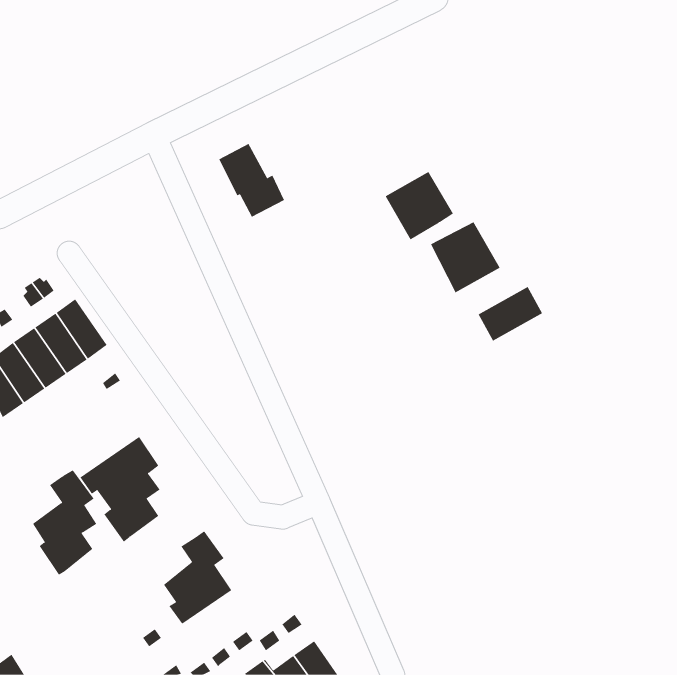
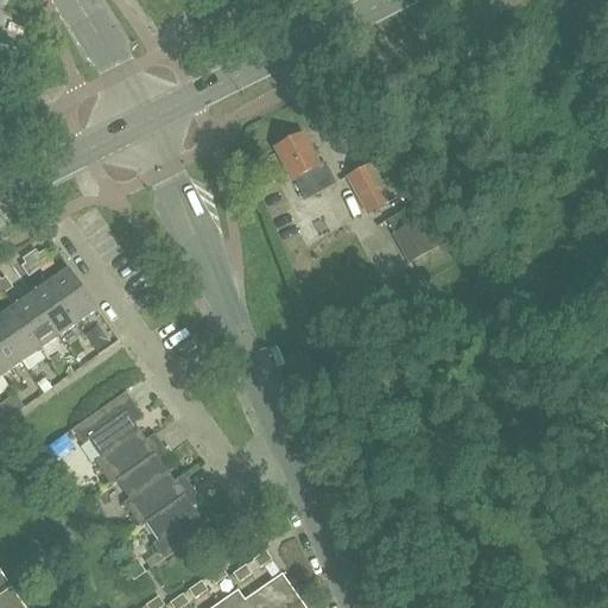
building: [218,143,285,217] -> [274,132,334,198]
building: [478,286,543,341] -> none
building: [32,469,97,575] -> [116,432,175,527]

